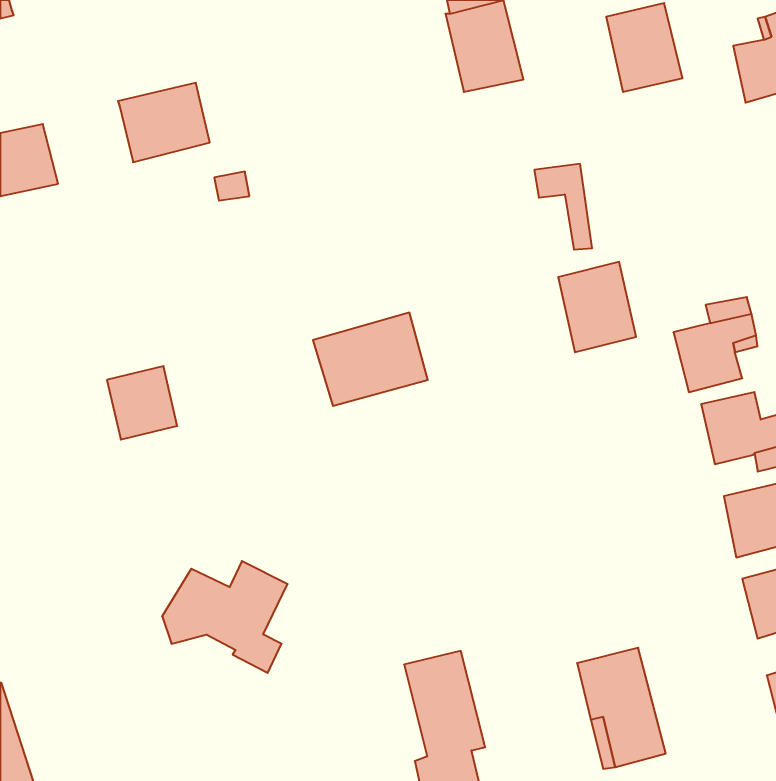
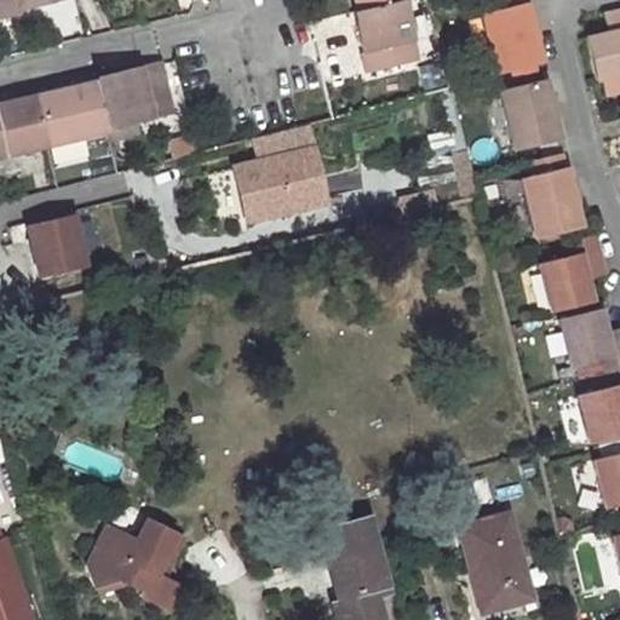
building: none -> [501,79,563,150]
building: none -> [39,85,111,147]
building: [558,262,636,352] -> [522,166,584,237]
building: [313,313,428,406] -> [237,144,328,218]
building: [107,366,177,440] -> [29,217,85,275]
building: [162,561,288,673] -> [91,522,190,610]

